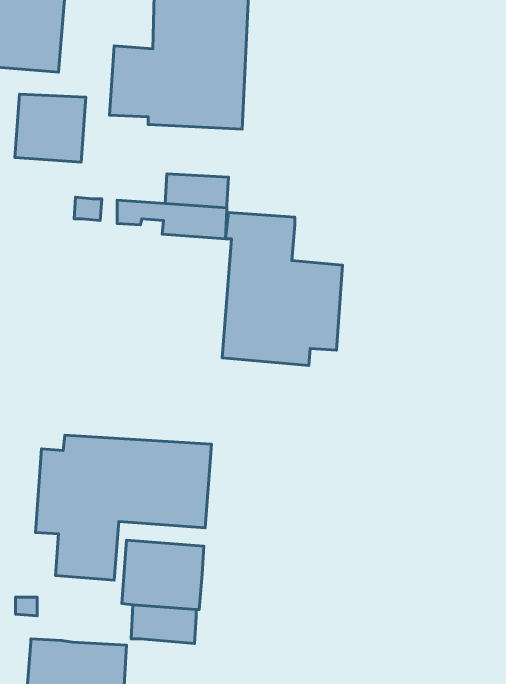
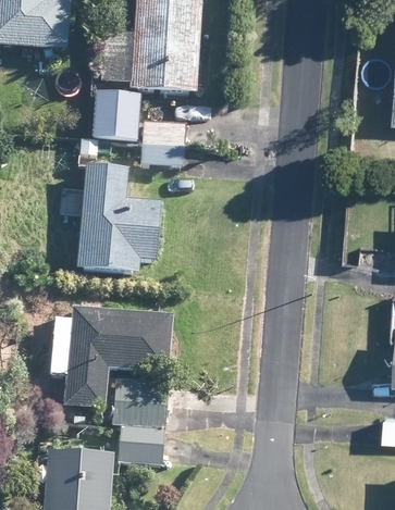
building: [15,94,86,162] -> [90,92,140,140]
building: [222,213,343,365] -> [77,164,162,272]

